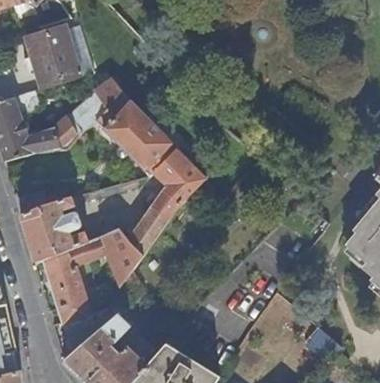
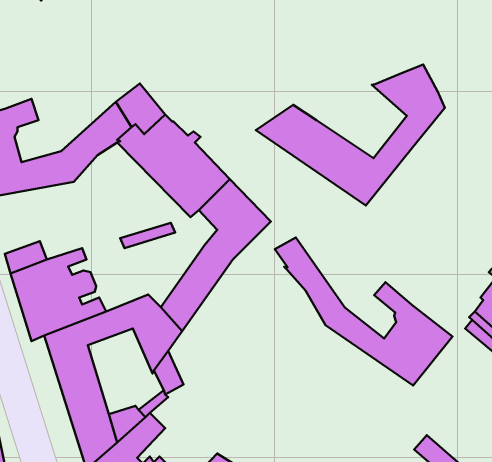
building: [25,25,78,87] -> none
building: none -> [256,64,445,206]
building: none -> [275,237,453,385]

